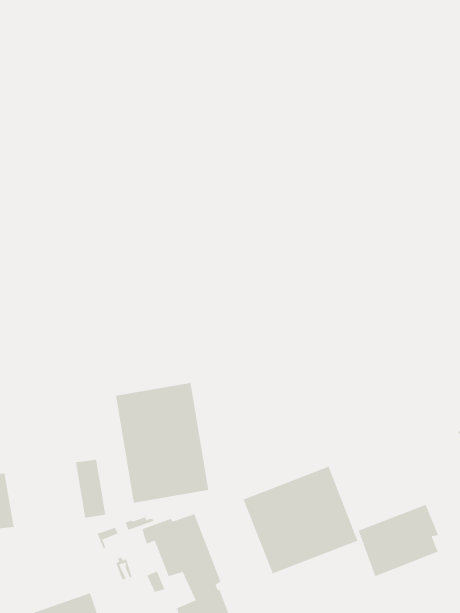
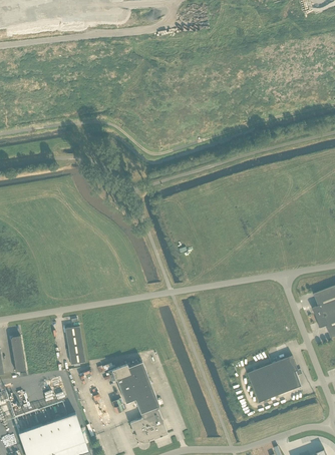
building: [115,382,209,504] -> none
building: [243,466,358,574] -> none

